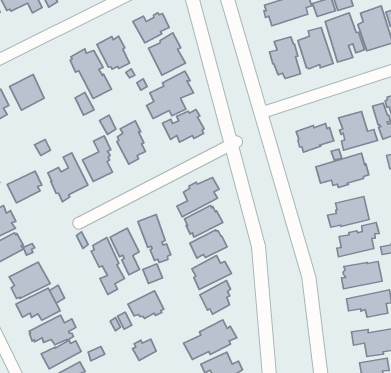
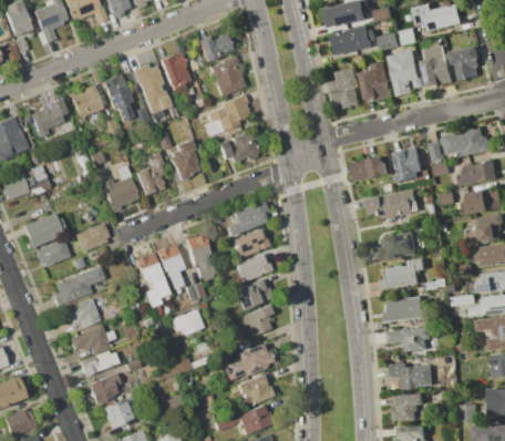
building: none -> [103,73,133,121]
building: [7,171,42,203] -> [75,223,110,253]

